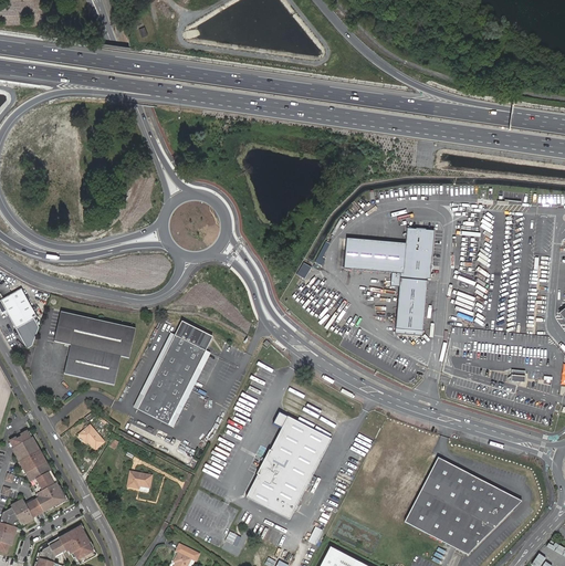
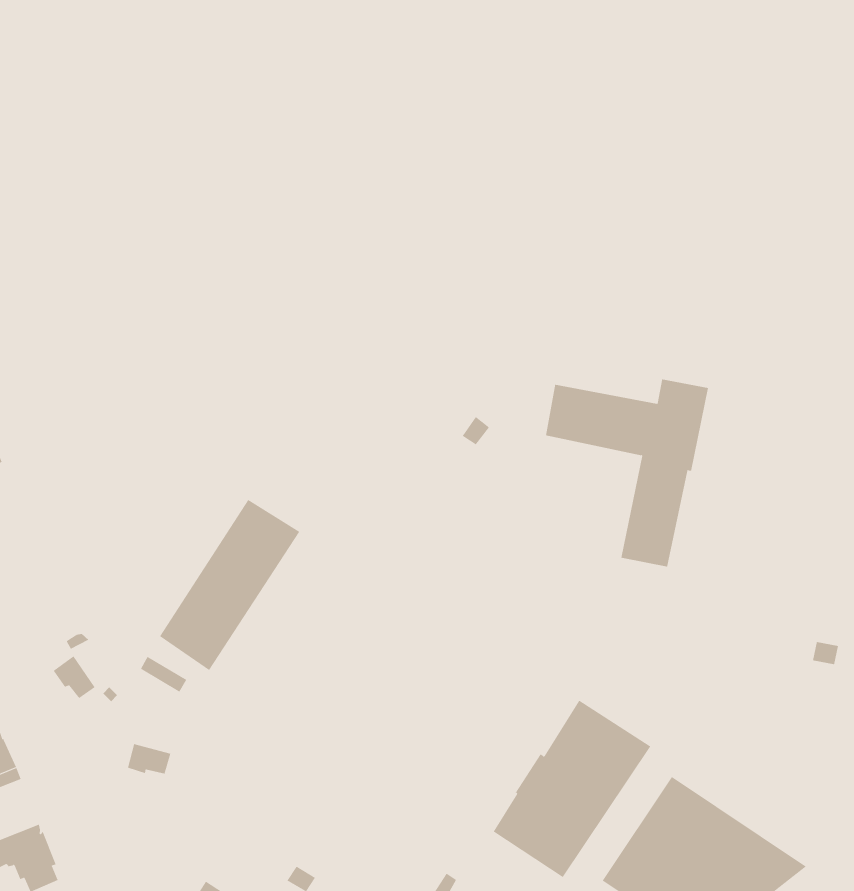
building: [52,312,134,386] -> none
building: [245,416,331,518] -> [493,700,651,878]

